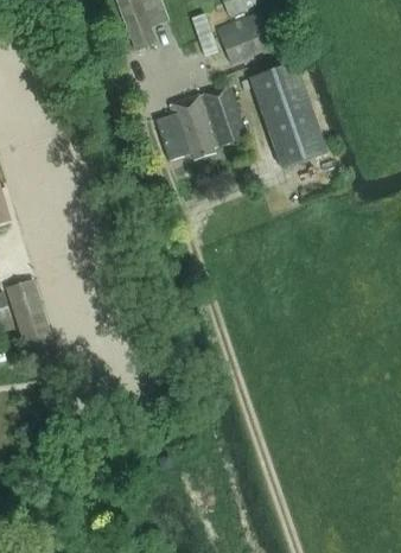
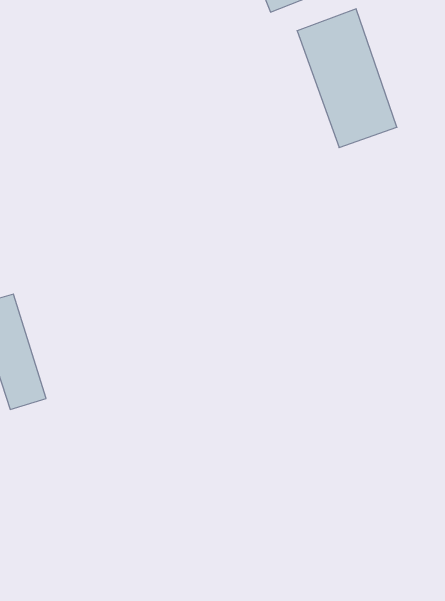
building: [155,84,244,159] -> none

